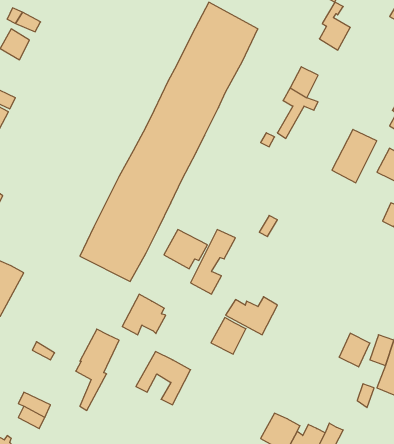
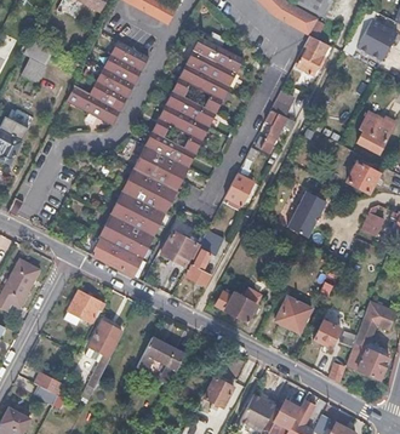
building: none -> [67,42,149,126]
building: [332,129,377,183] -> [286,192,325,238]
building: none -> [224,173,252,210]
building: [122,294,166,335] -> [64,289,102,324]
building: none -> [275,297,312,333]
building: [211,318,246,354] -> [204,376,234,407]

